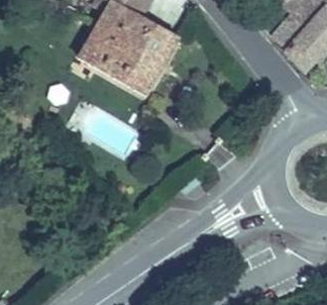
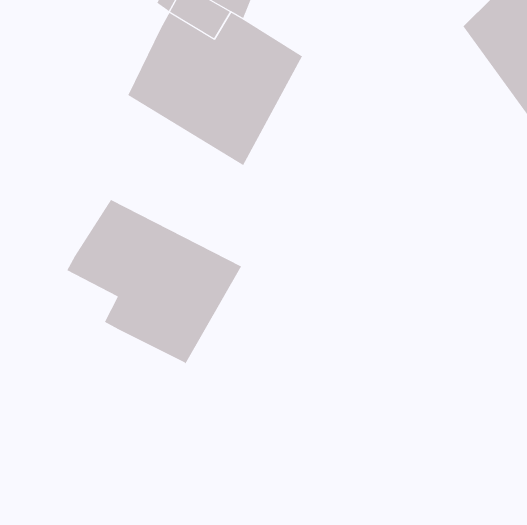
building: none -> [66,199,242,364]

